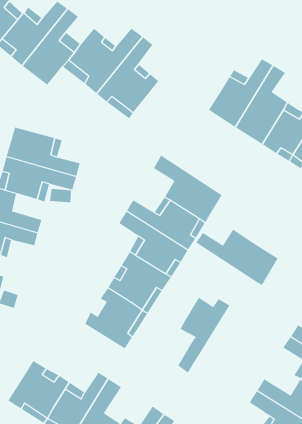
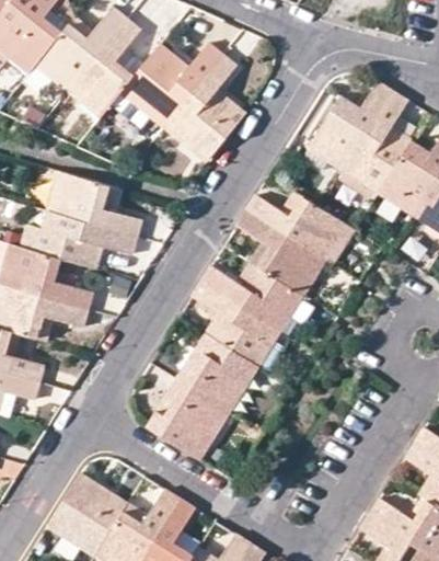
building: [196,229,278,285] -> [247,190,355,263]
building: [178,297,230,374] -> none

